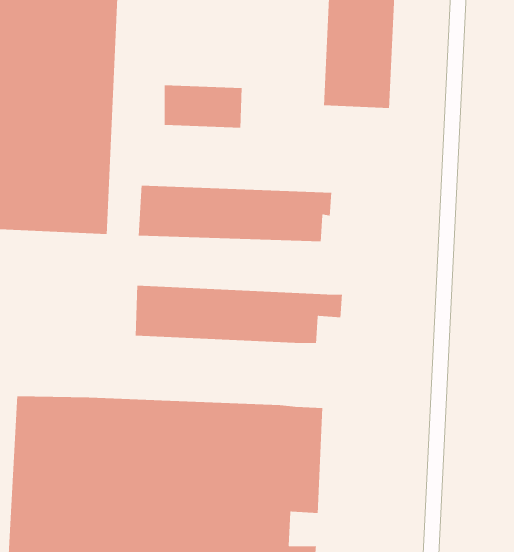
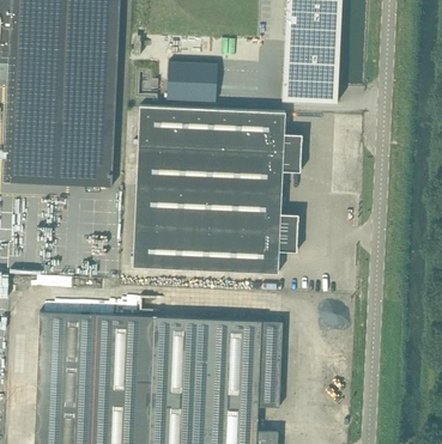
building: none -> [139,108,290,153]
building: none -> [135,188,286,233]

